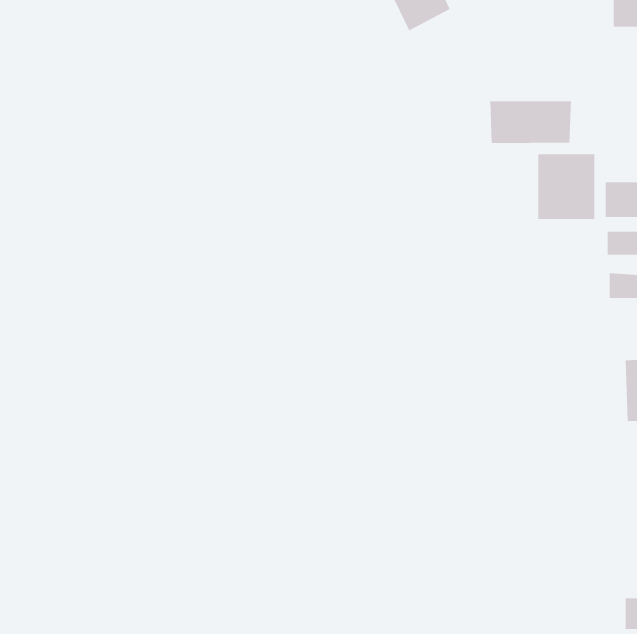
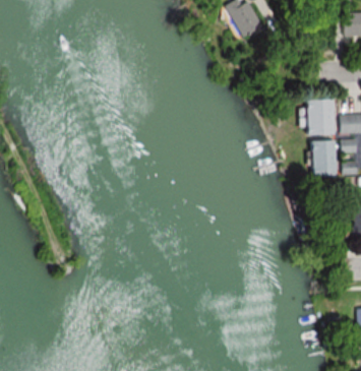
building: [490,100,571,144] -> none
building: none -> [311,141,337,176]

